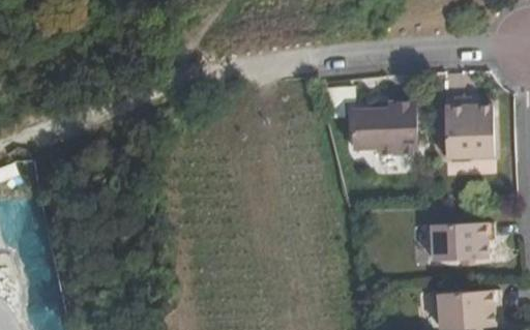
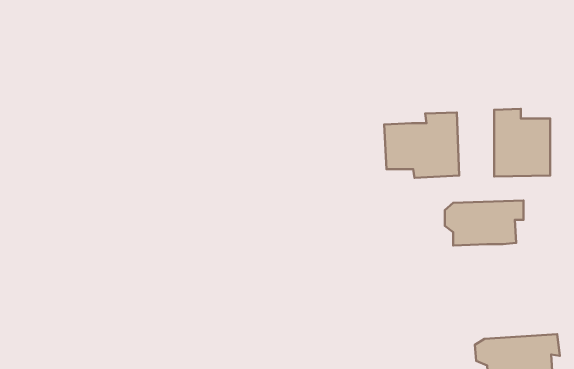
building: [425,221,493,260] -> [445,201,523,245]

